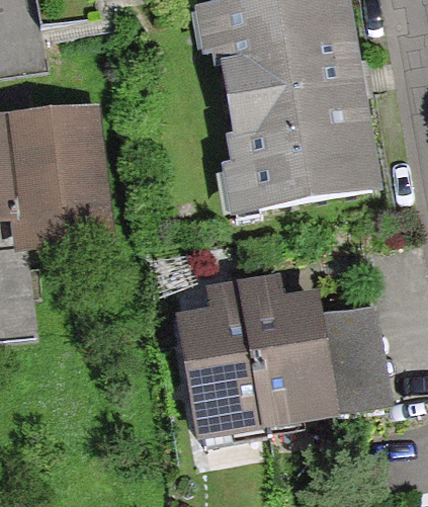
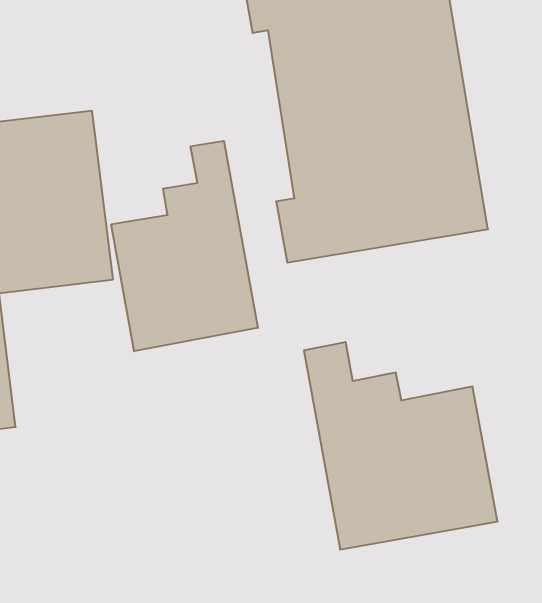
building: none -> [111,141,258,351]
building: [179,276,272,434] -> none

